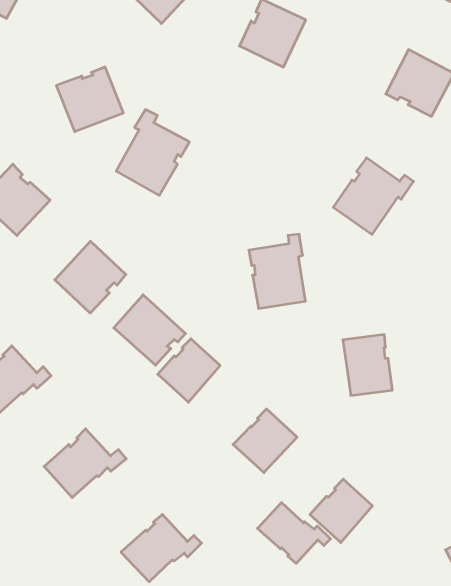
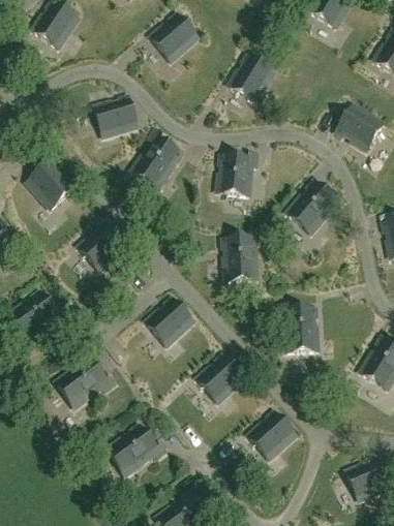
building: none -> [218,151,261,198]
building: [114,295,186,365] -> none
building: [257,503,331,563] -> none

